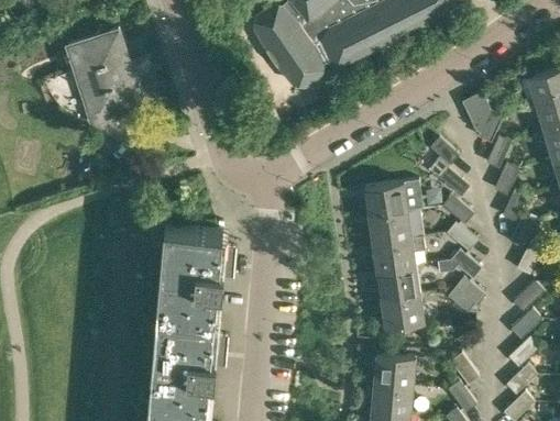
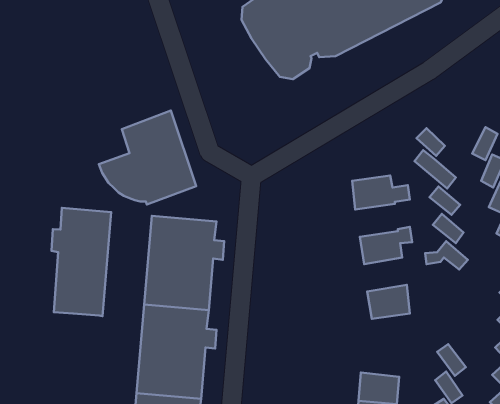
building: [45,25,143,120] -> [99,110,196,205]
building: [462,91,503,141] -> none
building: [367,211,410,244] -> none
building: none -> [52,208,111,316]
building: [376,265,419,299] -> none
building: [447,276,485,312] -> none
building: [373,353,415,385] -> none

